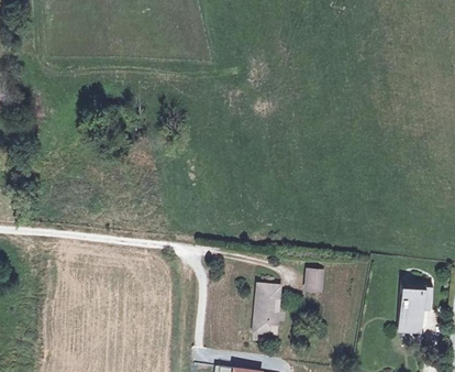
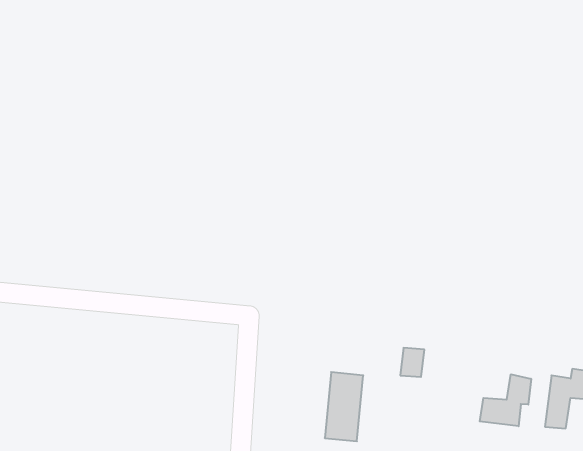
building: none -> [480,374,531,426]

